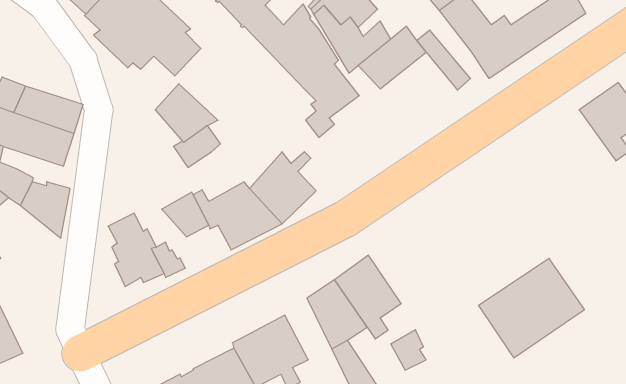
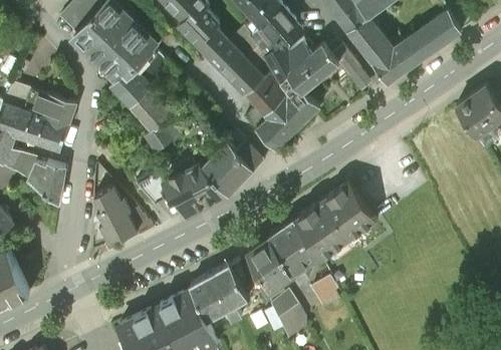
building: none -> [110,66,150,107]
building: none -> [256,73,320,148]
building: [478,258,584,358] -> [294,183,375,259]

